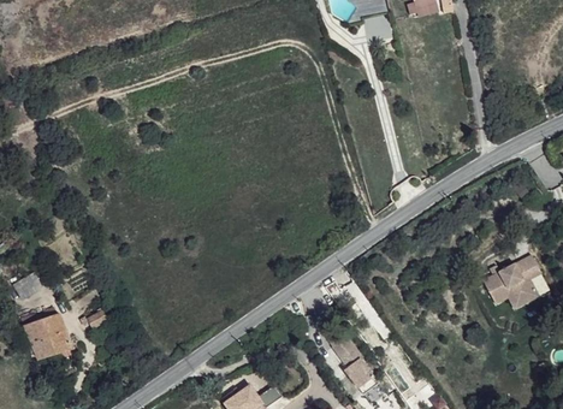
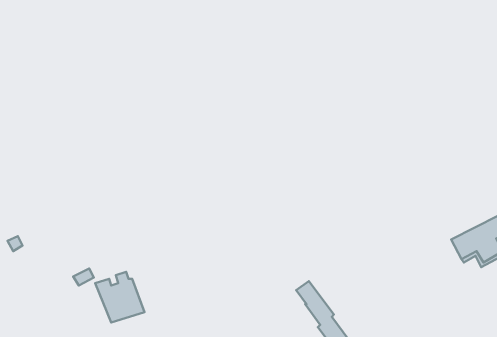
building: [20,306,72,358] -> [95,272,145,322]

